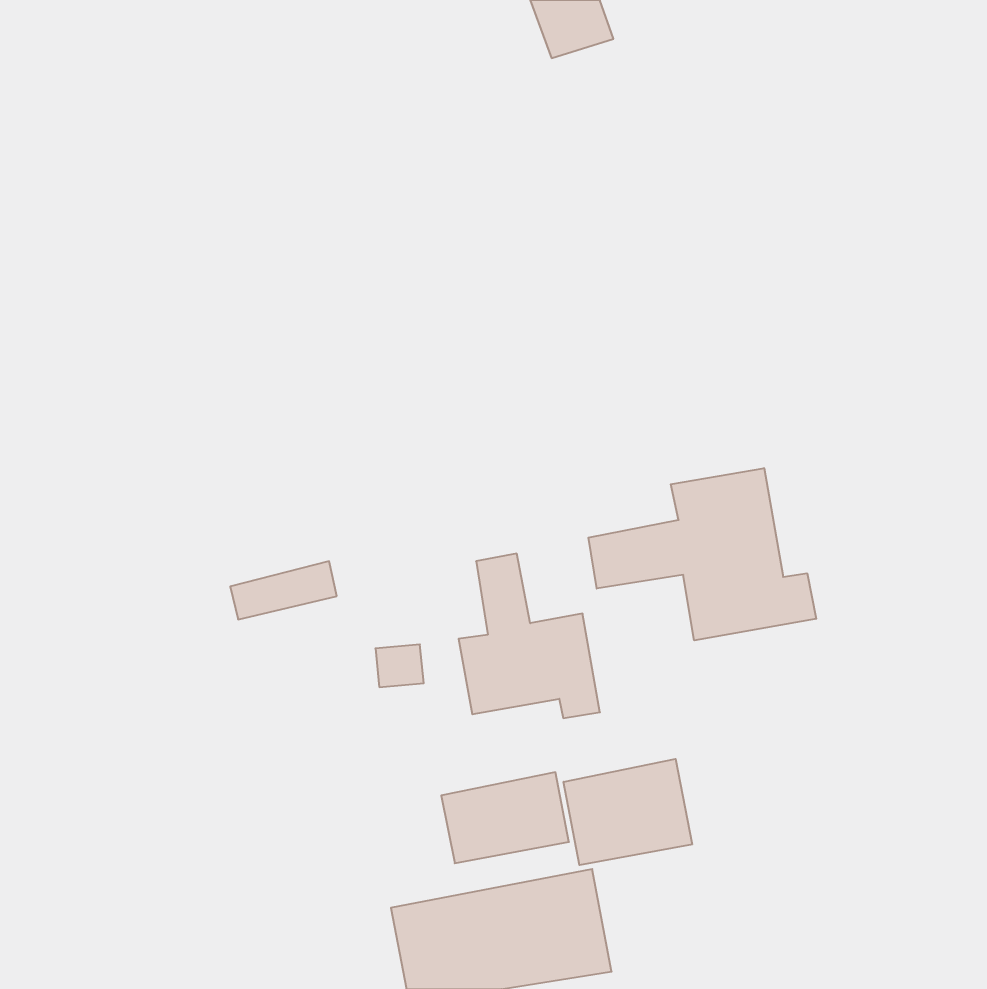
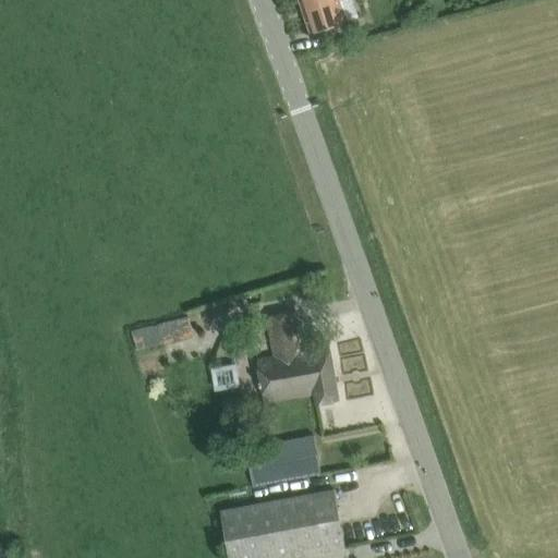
building: [588,468,816,640] -> none
building: [564,759,692,865] -> none

